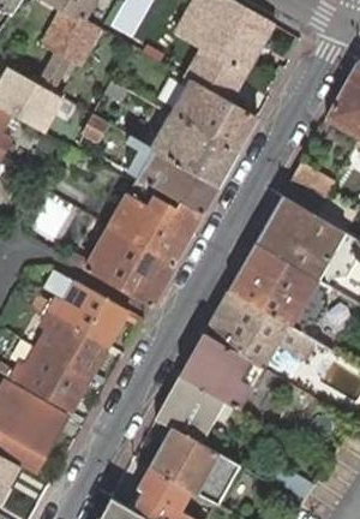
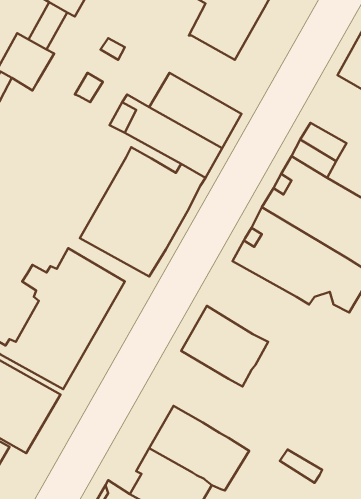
building: [169,80,257,154] -> none
building: [204,292,314,369] -> none
building: [156,376,224,443] -> none

